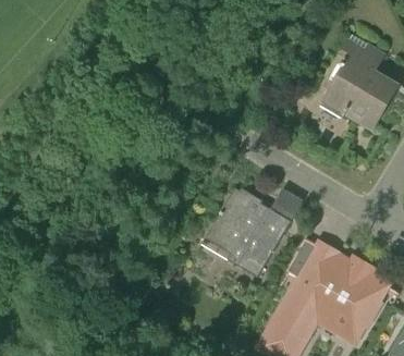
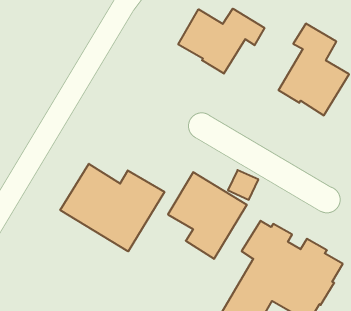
building: none -> [178,9,264,74]
building: none -> [60,164,164,251]

